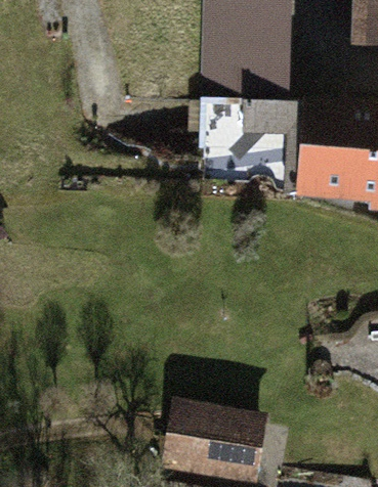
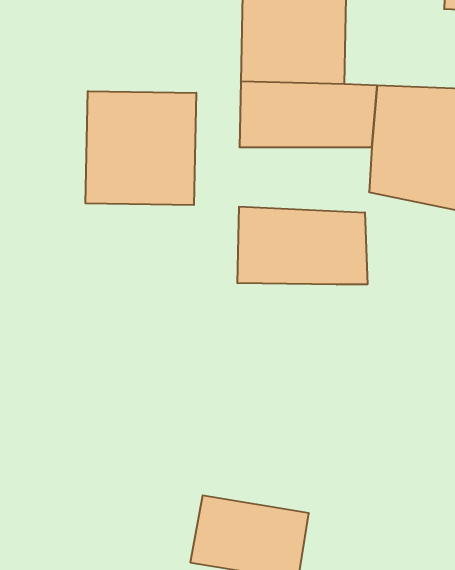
building: none -> [86,91,196,205]
building: none -> [238,207,367,285]

